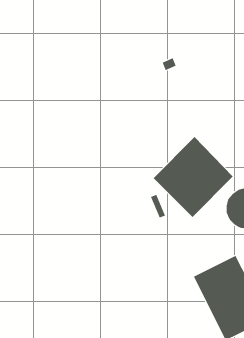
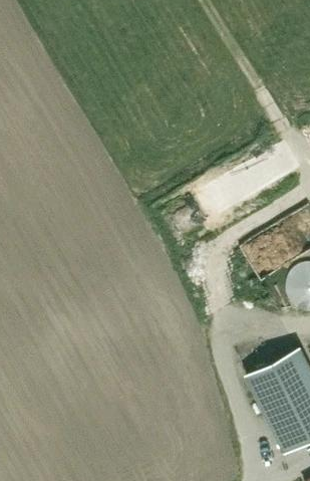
building: [153,136,234,218] -> none

